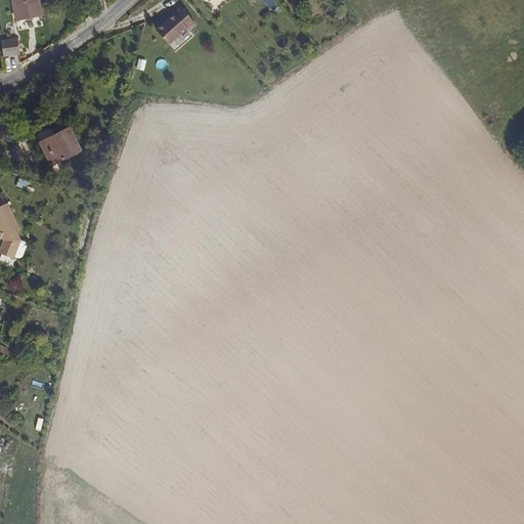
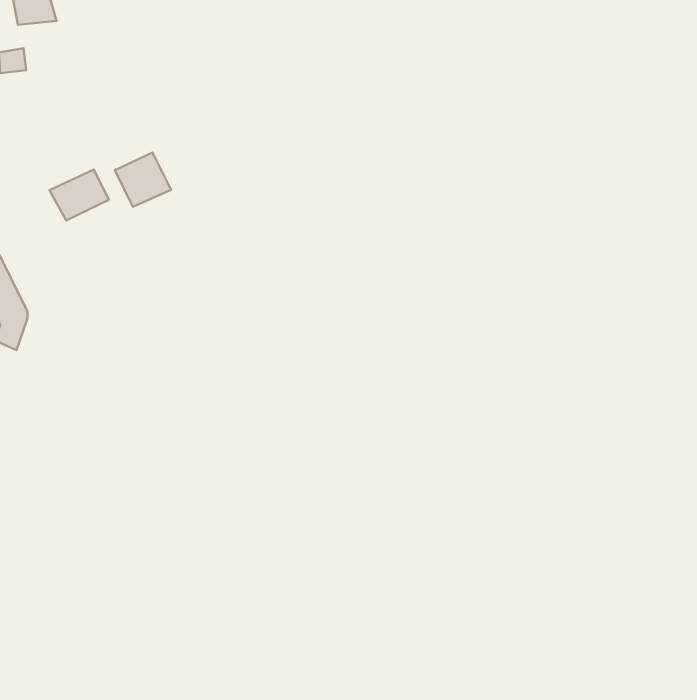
building: [155,5,194,42] -> none
building: none -> [115,153,171,207]

